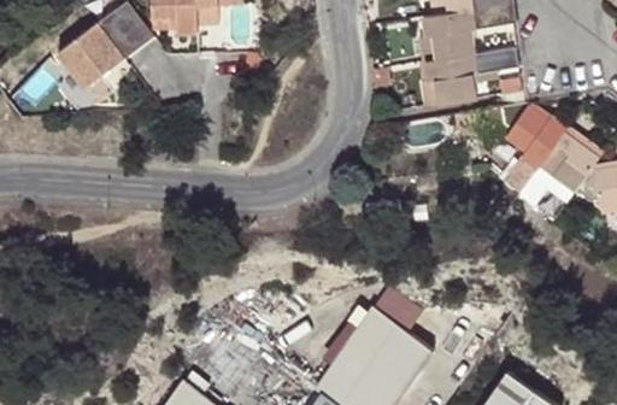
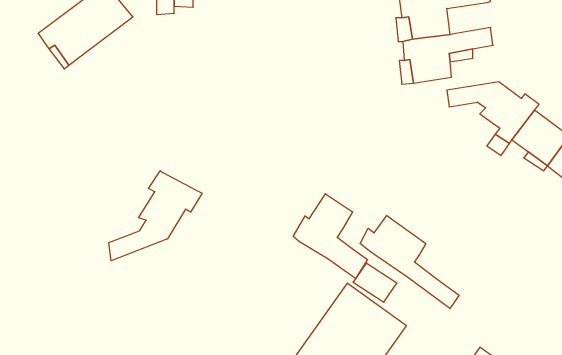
building: none -> [109,171,202,261]
building: none -> [293,194,368,279]
building: none -> [360,215,459,309]

